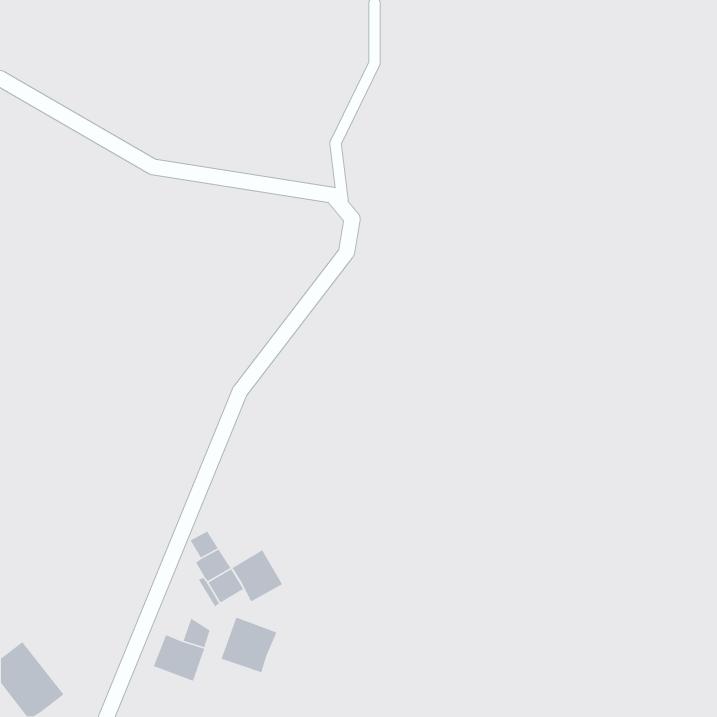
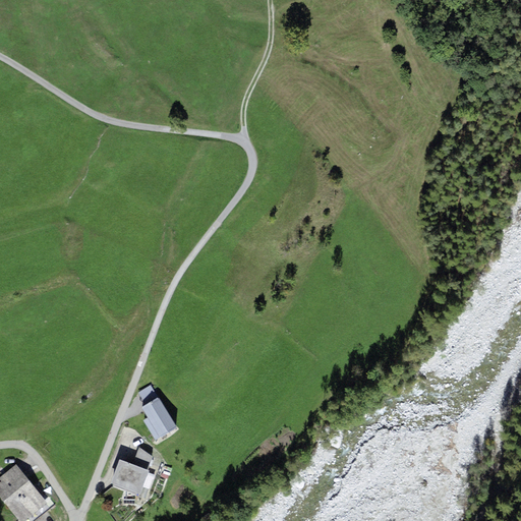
building: [231,549,283,602] -> none
building: [221,616,277,673] -> none

